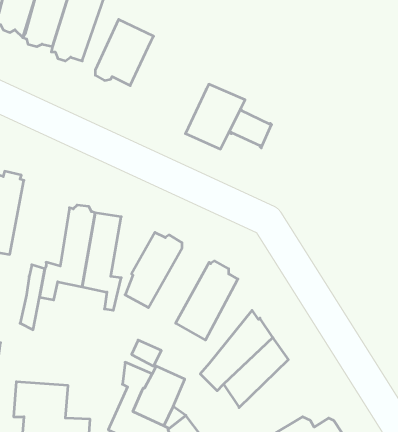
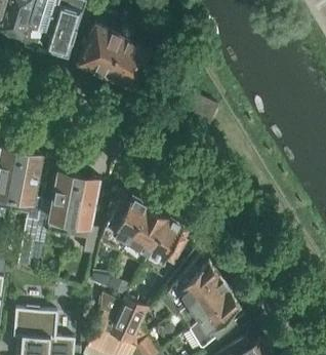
building: [185,84,245,149] -> [106,35,153,86]
building: none -> [10,146,41,211]
building: none -> [120,200,168,262]
building: none -> [192,290,244,342]

